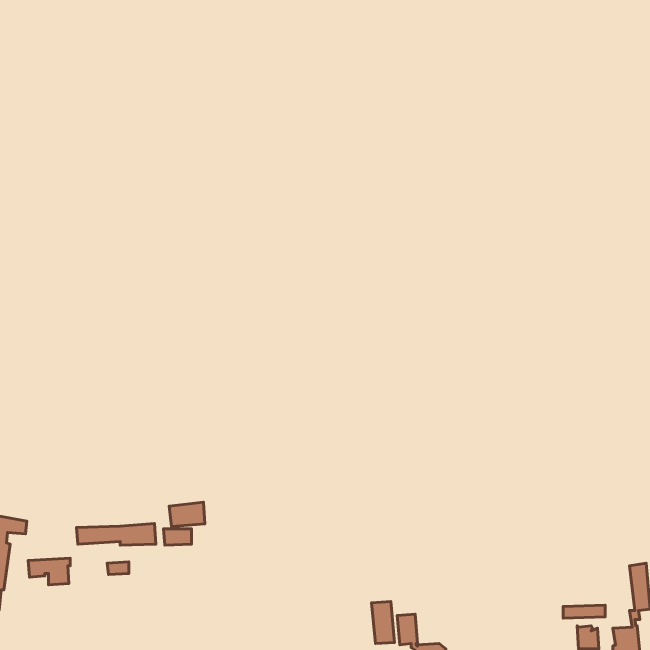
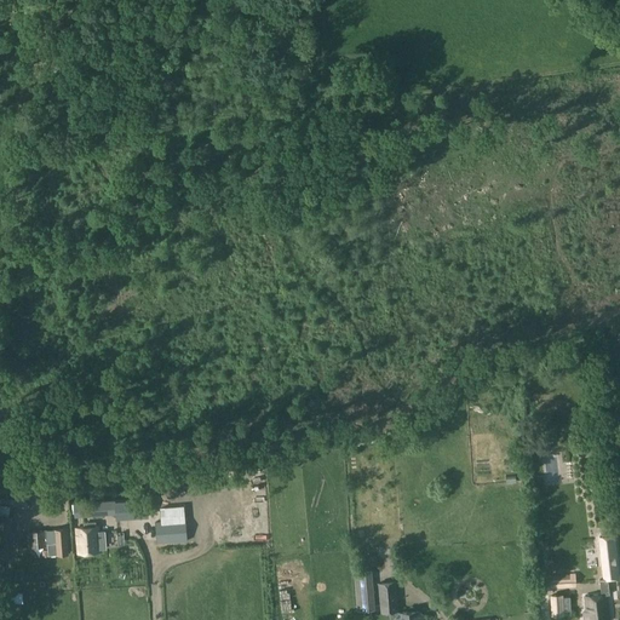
building: [169,502,205,527] -> [151,522,185,545]
building: none -> [74,529,97,555]

